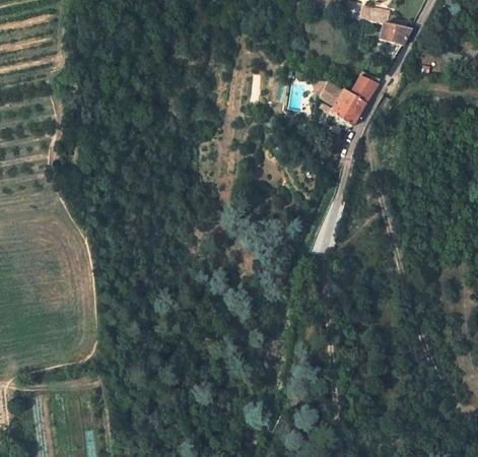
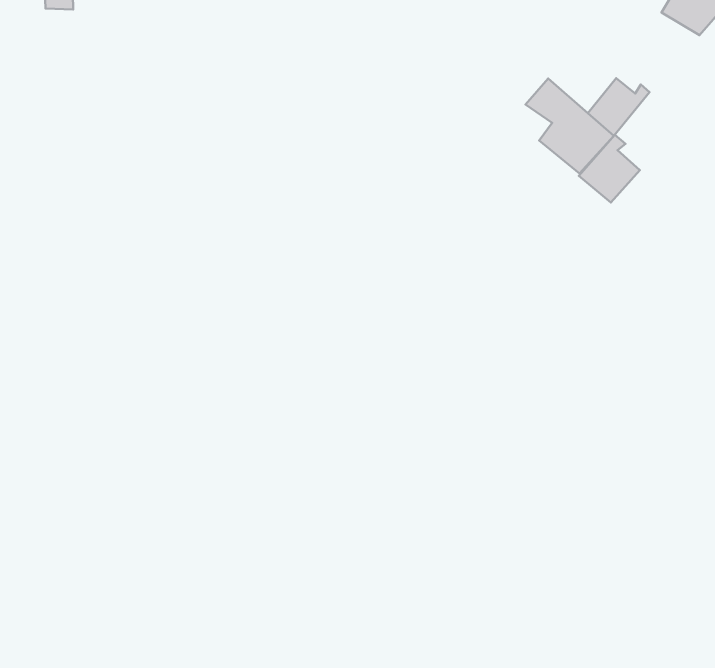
building: none -> [579,135,640,202]

